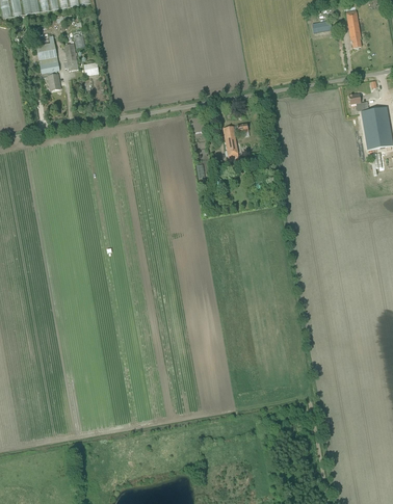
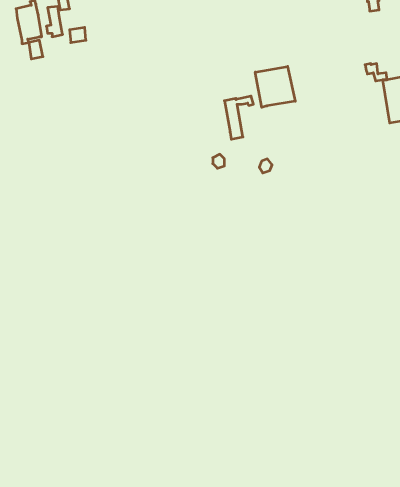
building: none -> [255,66,295,107]

